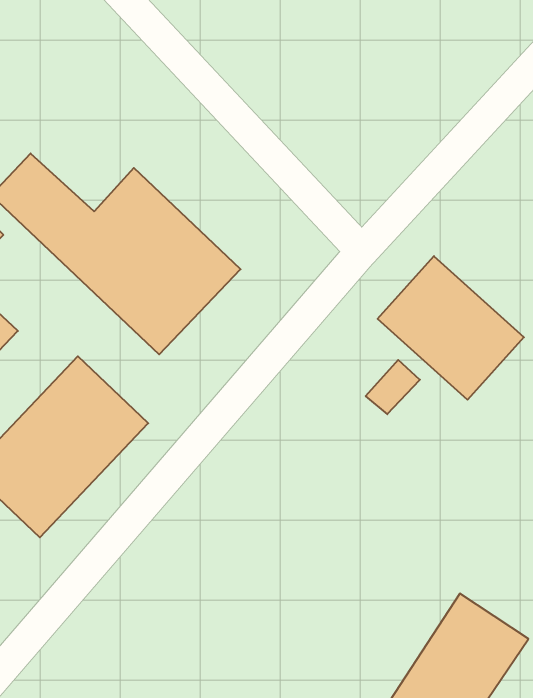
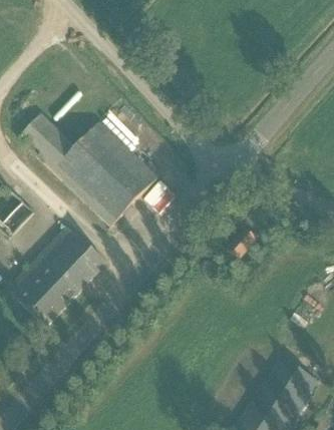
building: [378,256,524,400] -> none

